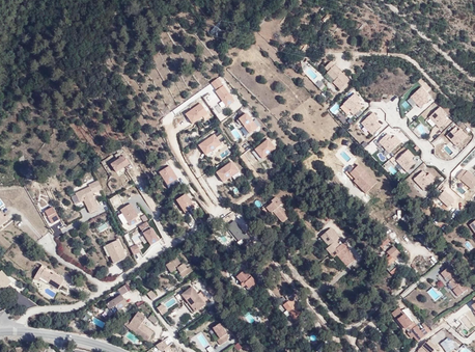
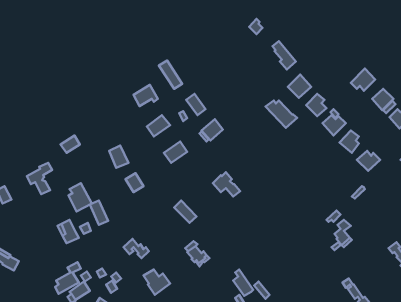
building: [344,163,376,191] -> [266,100,297,128]
building: [319,227,356,267] -> none

